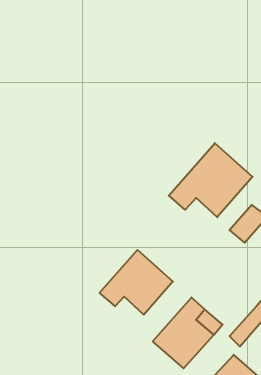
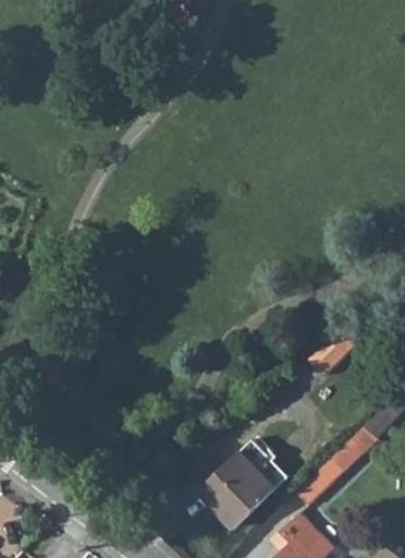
building: [169,143,253,217] -> none
building: [100,250,173,315] -> none

